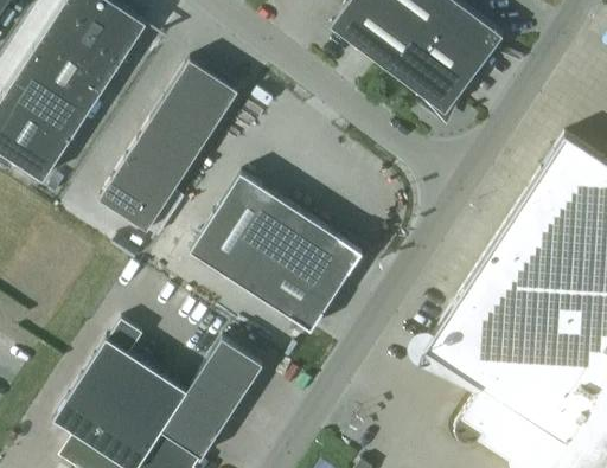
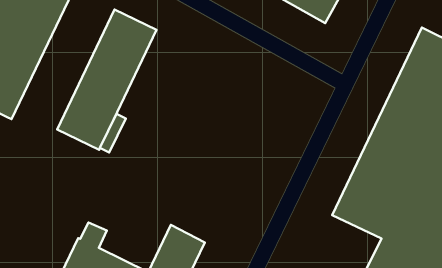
building: [190,174,360,331] -> none

